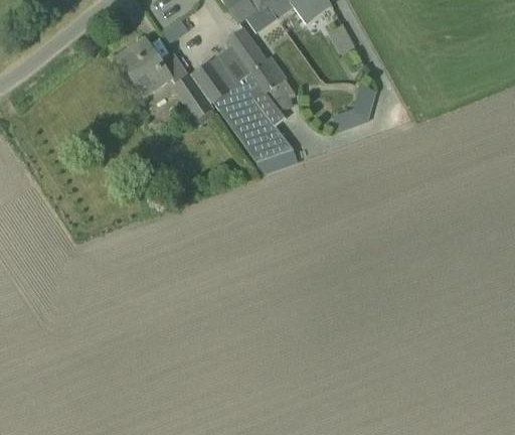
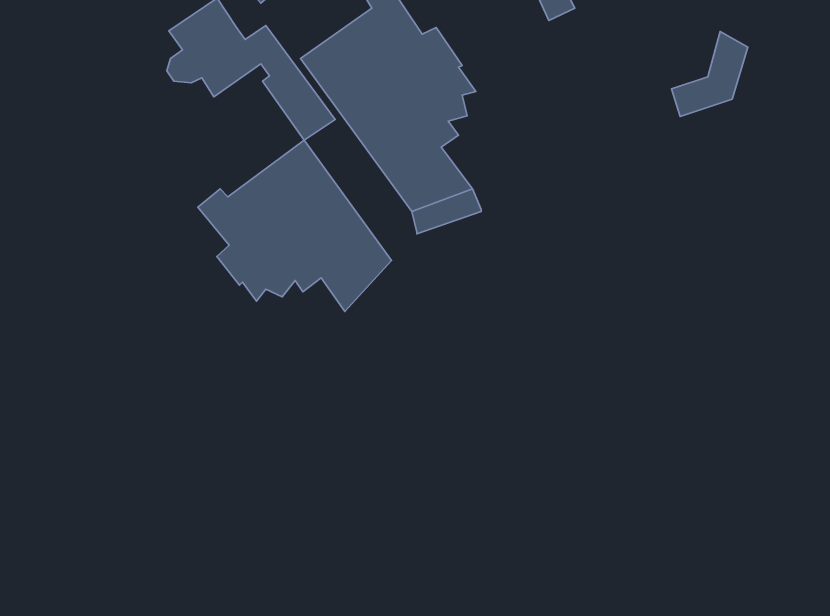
building: [332,83,376,132] -> [672,32,748,117]
building: none -> [198,140,392,312]

